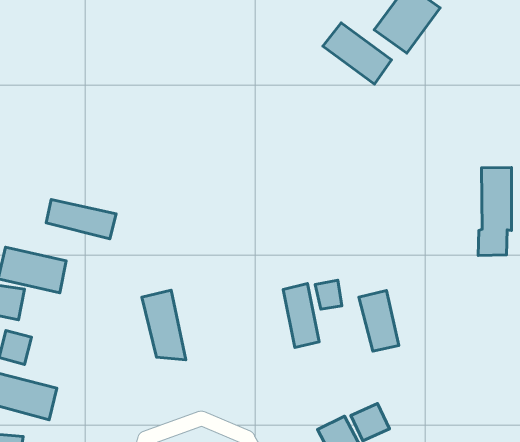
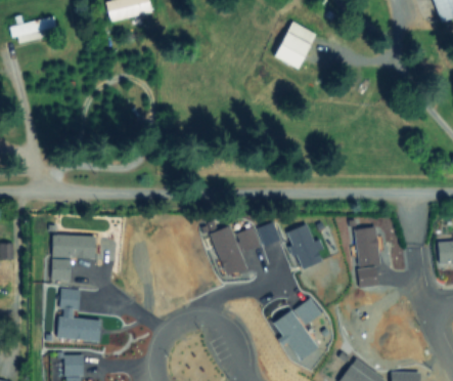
building: [323,23,391,84] -> none
building: [478,168,512,255] -> [355,226,380,287]
building: [46,199,116,239] -> none
building: [142,290,186,360] -> [213,226,247,271]

